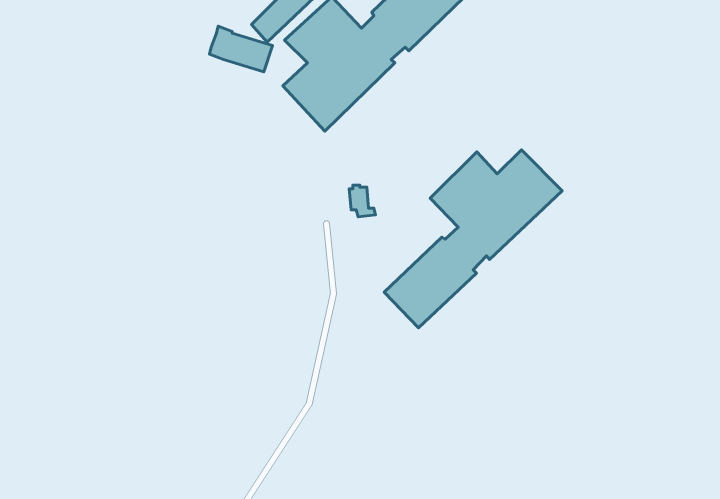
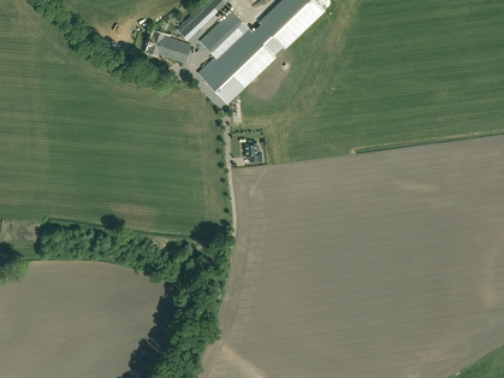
building: [384,150,562,328] -> none

